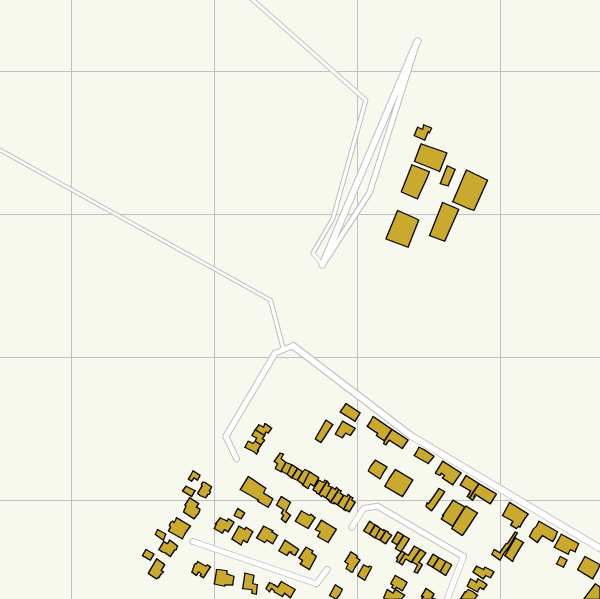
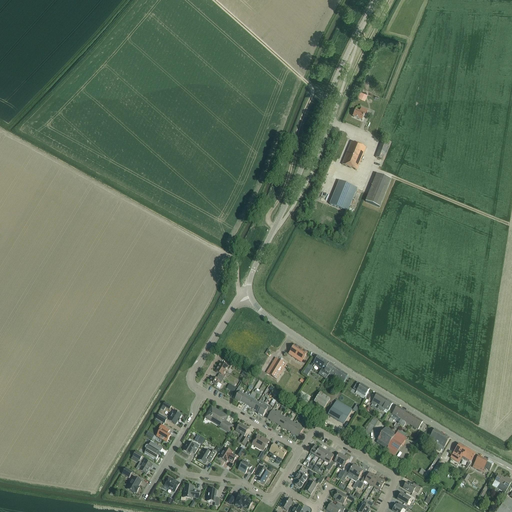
building: [415,144,447,172] -> none
building: [453,170,487,210] -> none

